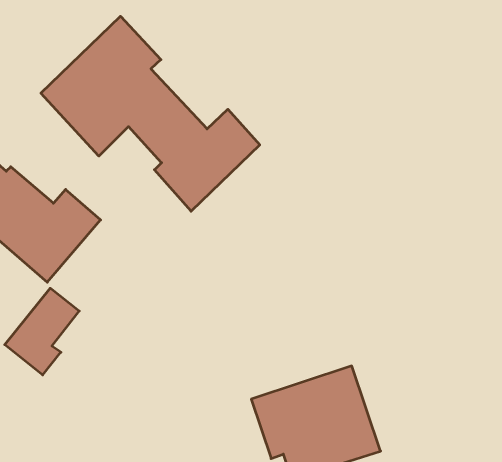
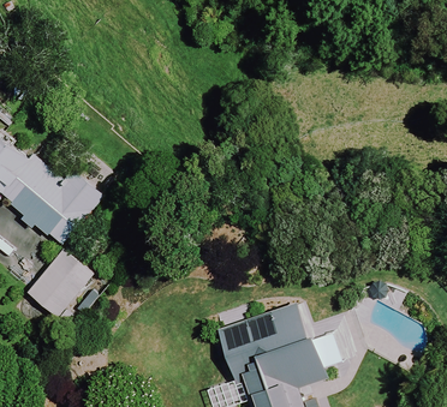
building: [41,16,260,211] -> none

